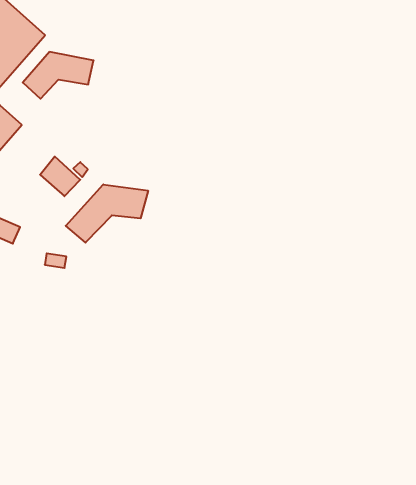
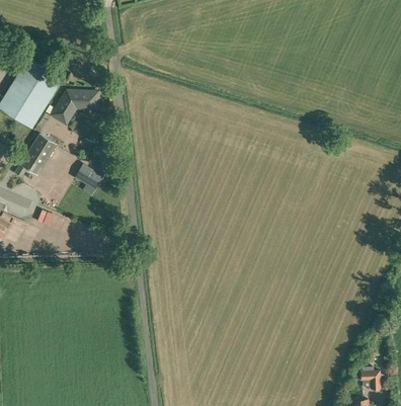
building: [66,184,148,243] -> none

